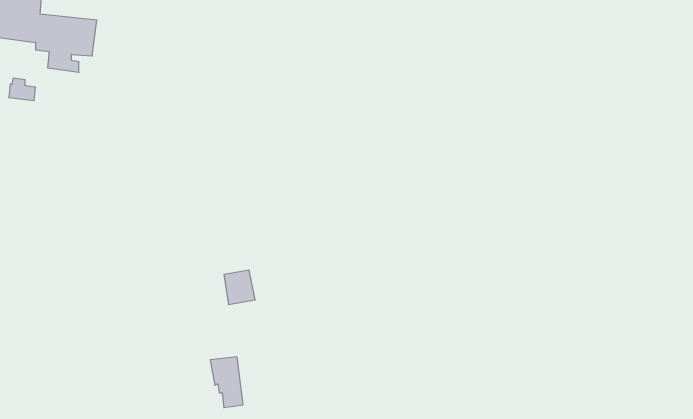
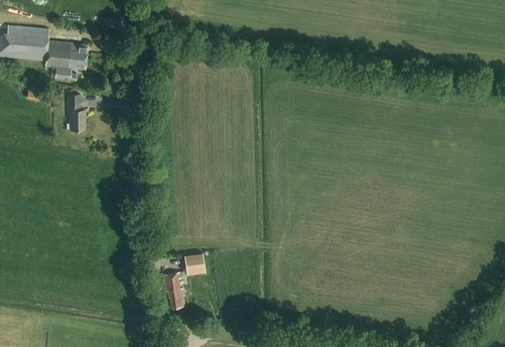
building: none -> [68,94,85,130]
building: [224,270,255,304] -> [183,251,205,274]

